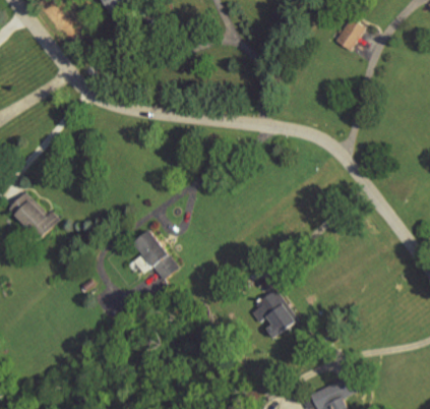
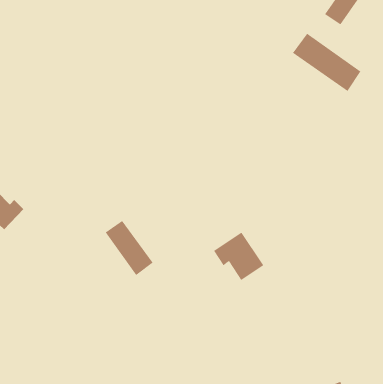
building: none -> [292,33,361,92]
building: [248,292,295,337] -> [213,232,264,281]

